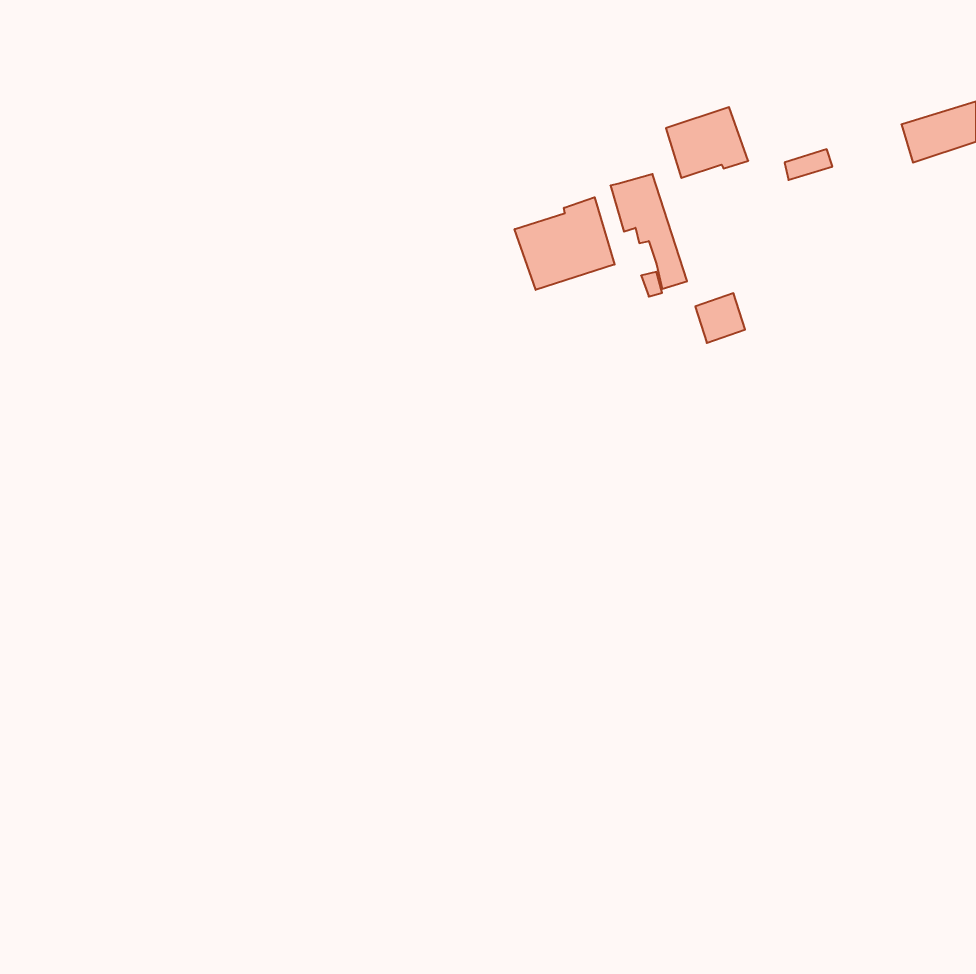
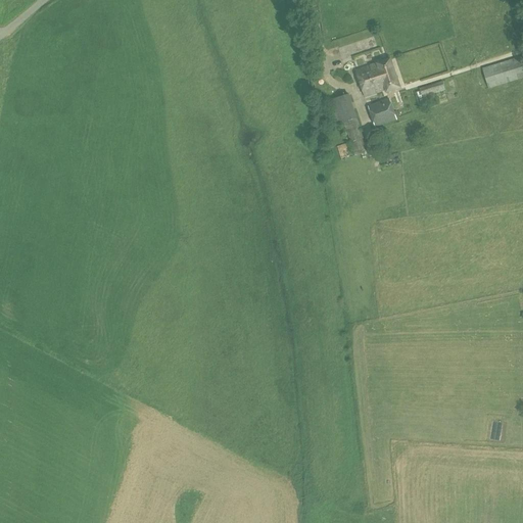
building: [515,197,615,290] -> none
building: [695,293,745,343] -> [368,98,394,125]

